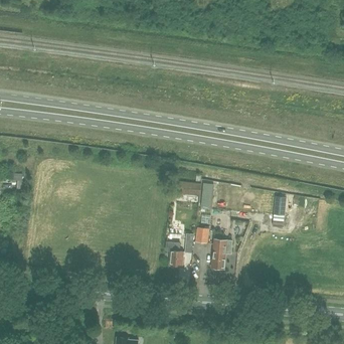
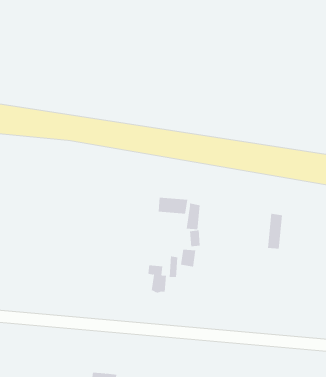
building: [211,239,232,271] -> none

